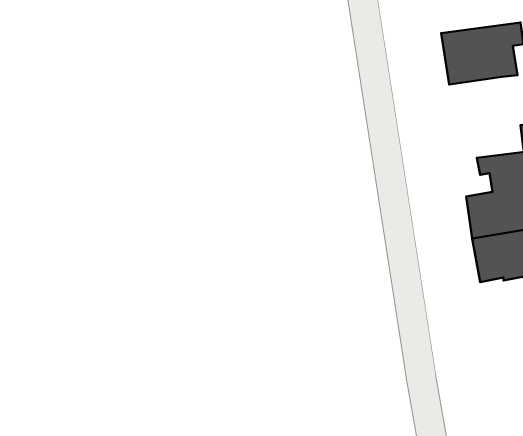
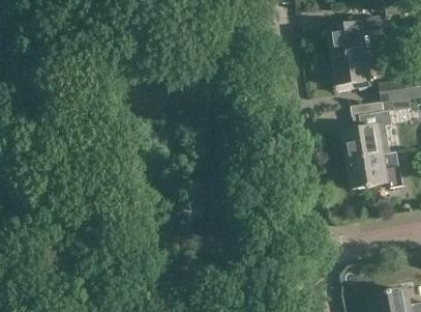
building: none -> [333,52,372,90]

